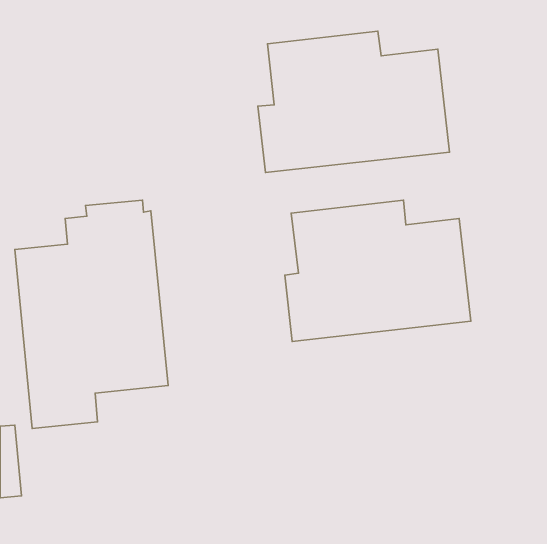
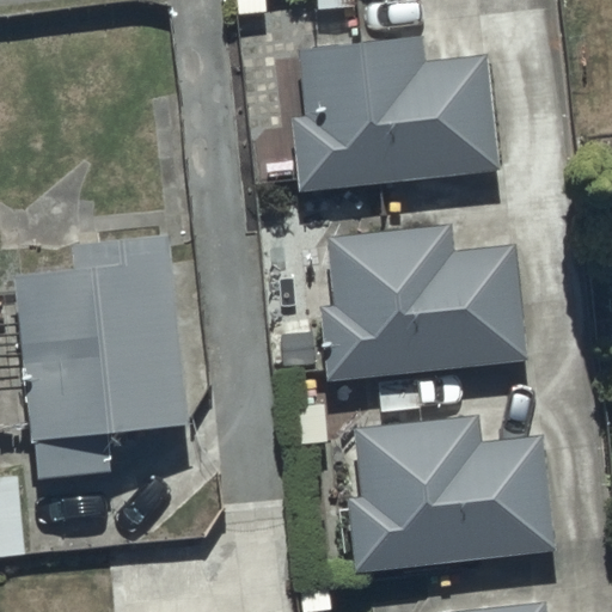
building: none -> [344,414,555,573]

